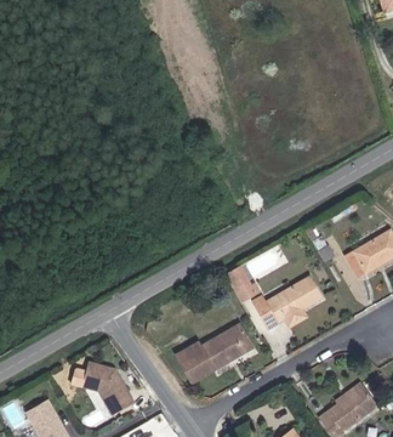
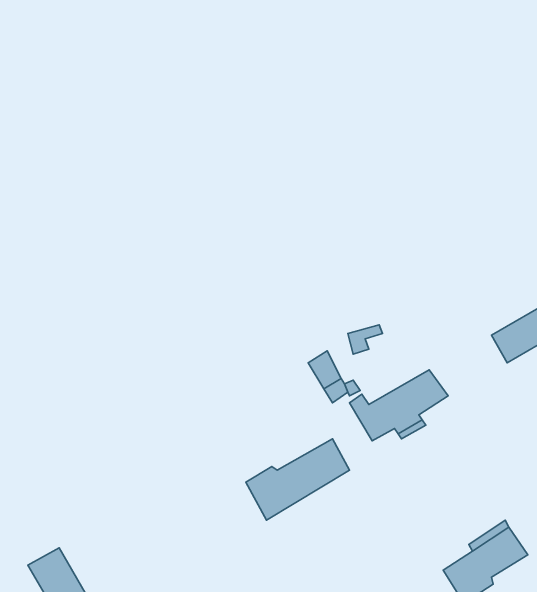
building: [82,363,135,415] -> none

